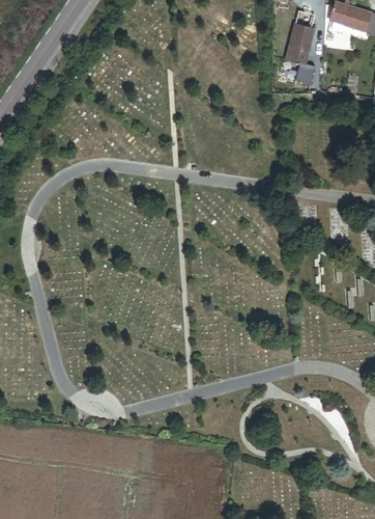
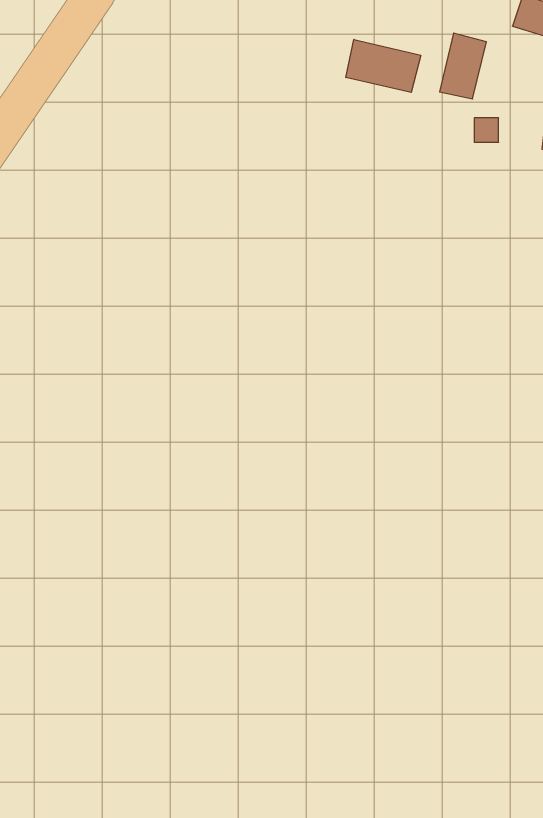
building: none -> [346,39,421,92]

